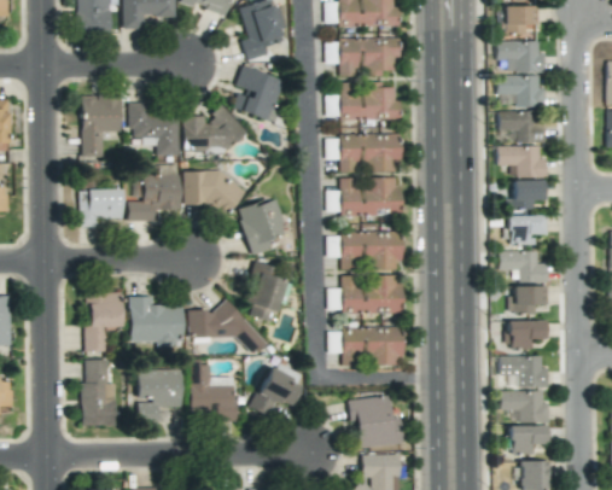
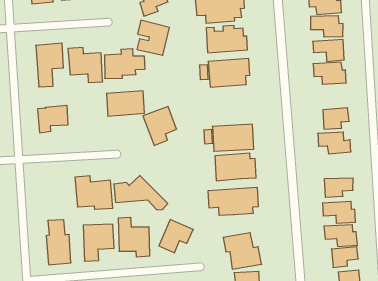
building: [128,174,181,221] -> none
building: [340,177,402,216] -> none
building: [512,180,547,208] -> none
building: [244,262,286,323] -> none
building: [509,286,548,313] -> none
building: [87,292,123,352] -> none

